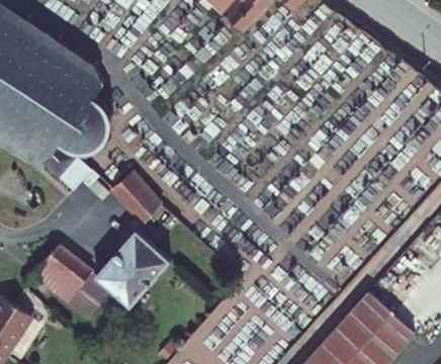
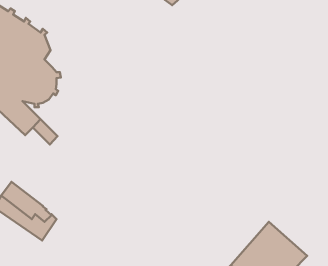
building: [114,174,162,224] -> none
building: [94,230,169,302] -> none

